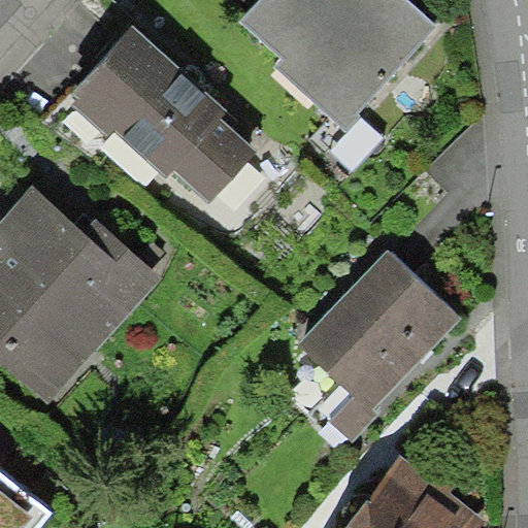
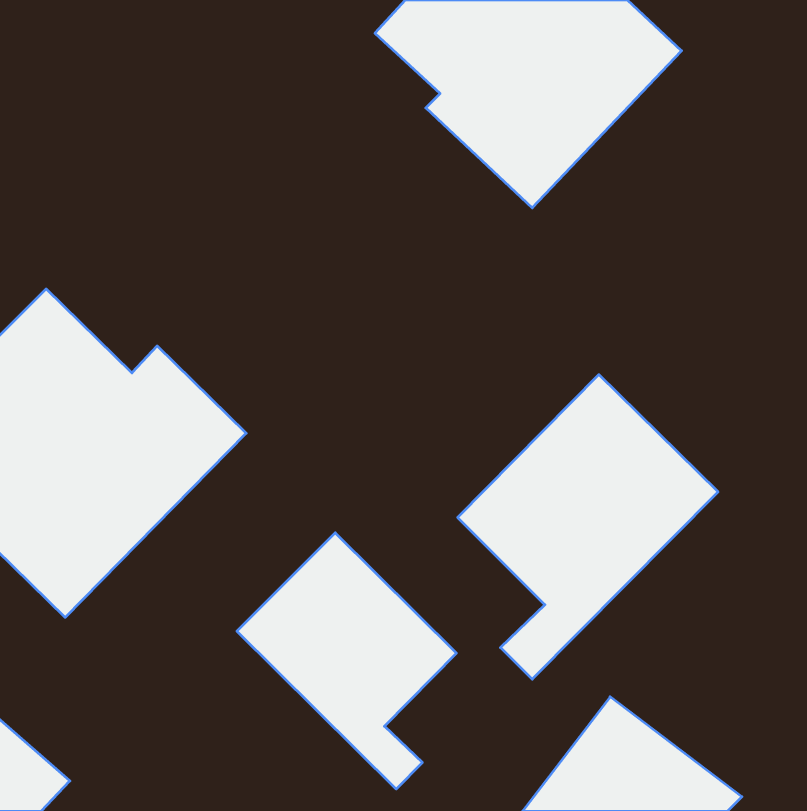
building: [71,33,252,206] -> none
building: none -> [237,533,456,789]

